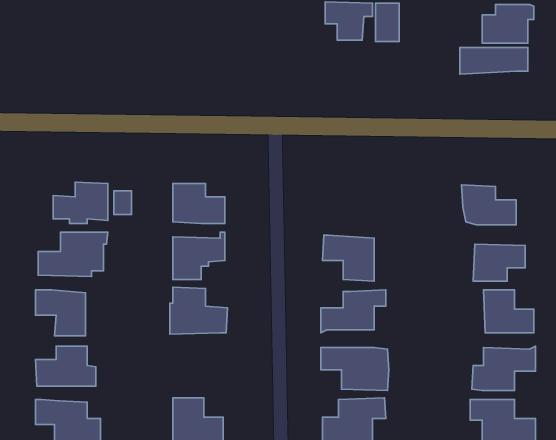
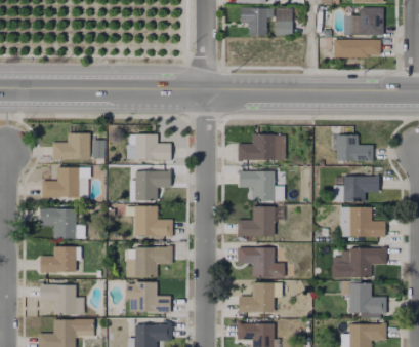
building: none -> [238,134,285,160]
building: none -> [127,245,172,277]

